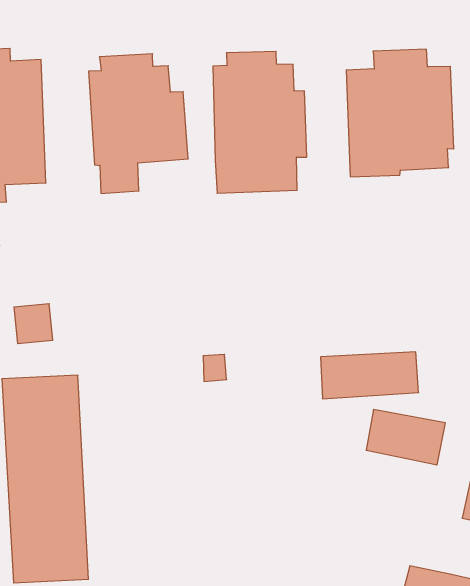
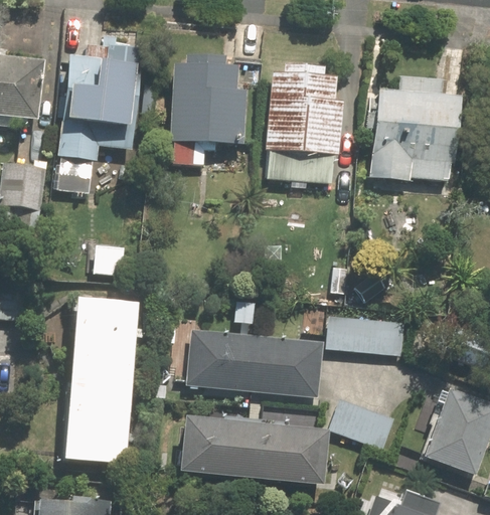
building: none -> [186,332,323,395]
building: [366,410,445,465] -> [329,399,394,450]
building: none -> [178,415,325,483]

